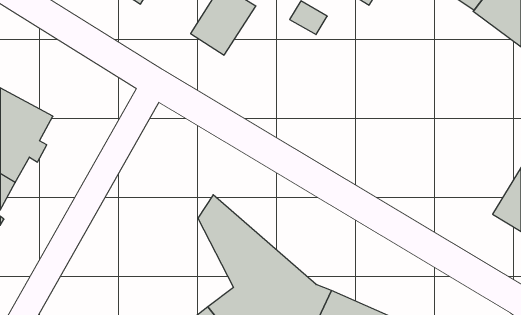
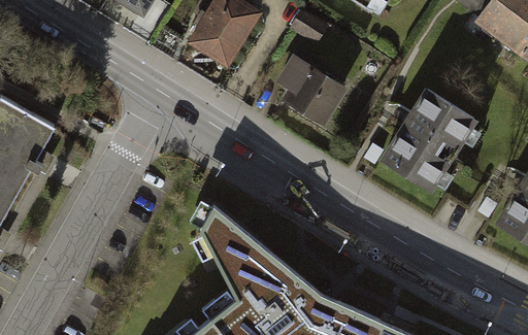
building: none -> [280,59,344,125]
building: none -> [384,92,475,192]

